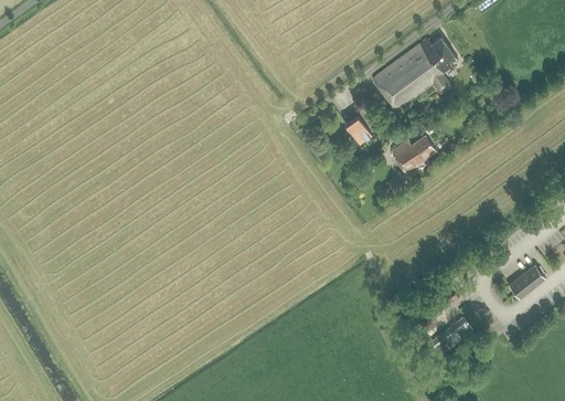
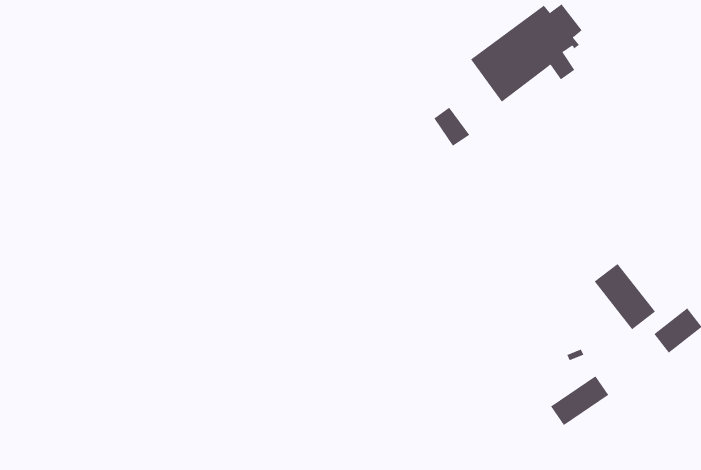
building: [391,137,433,172] -> none
building: none -> [594,263,656,330]

